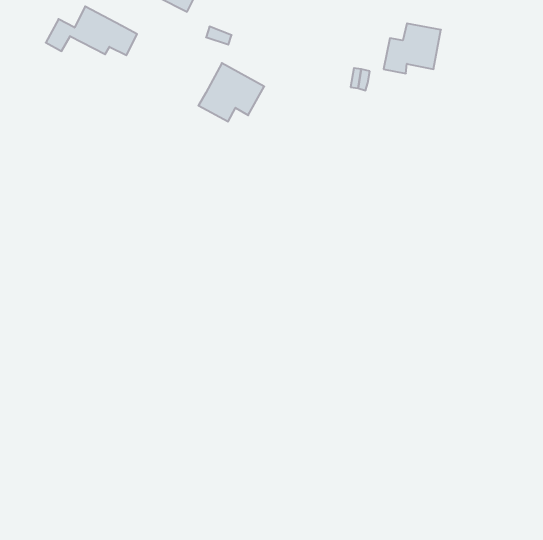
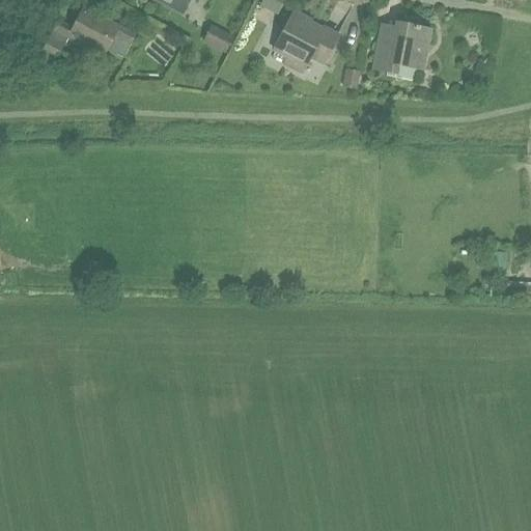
building: [198,63,264,122] -> [273,11,337,68]

